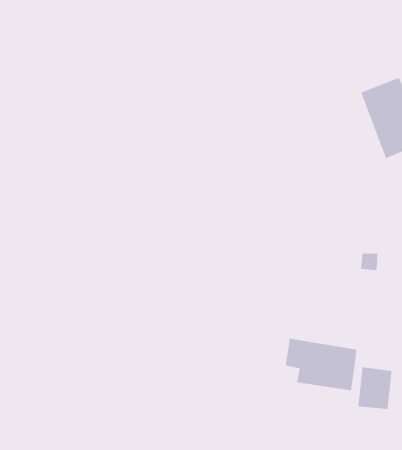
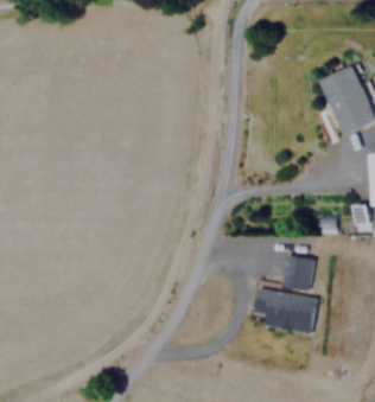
building: [358,366,392,410] -> [284,254,313,291]

